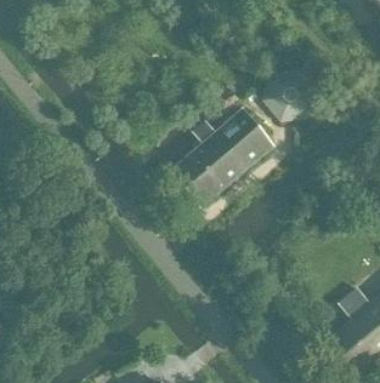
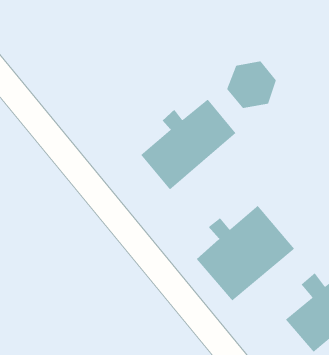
building: none -> [196,205,295,302]

